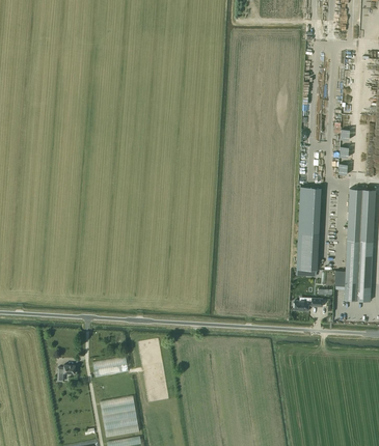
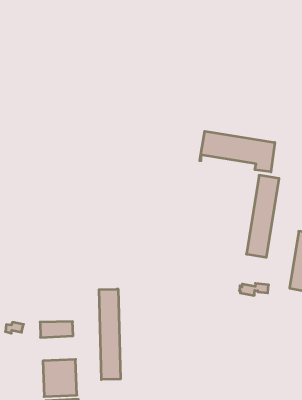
building: none -> [200,131,275,172]
building: none -> [99,289,120,380]

